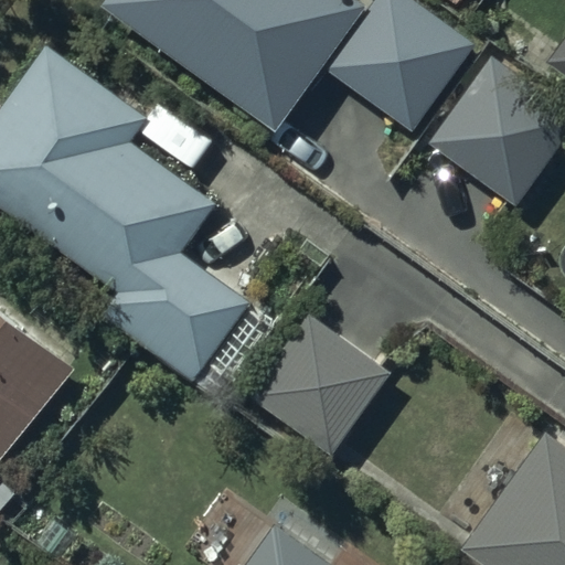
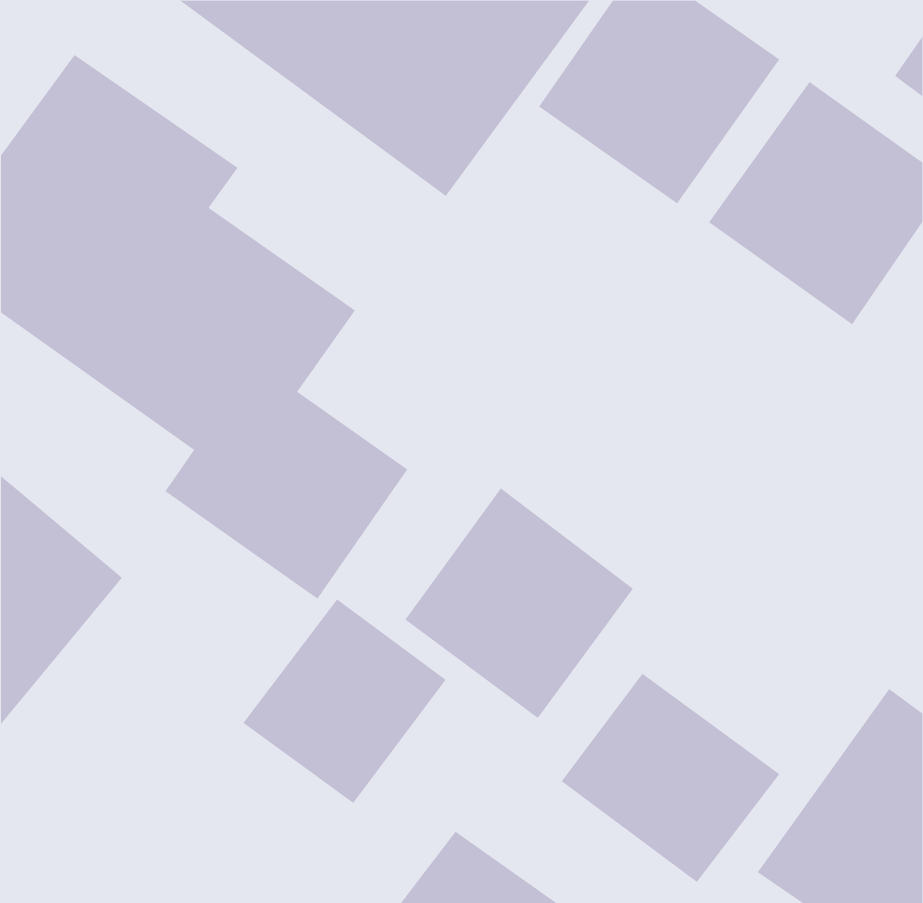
building: none -> [243,598,446,804]
building: none -> [561,673,780,883]

